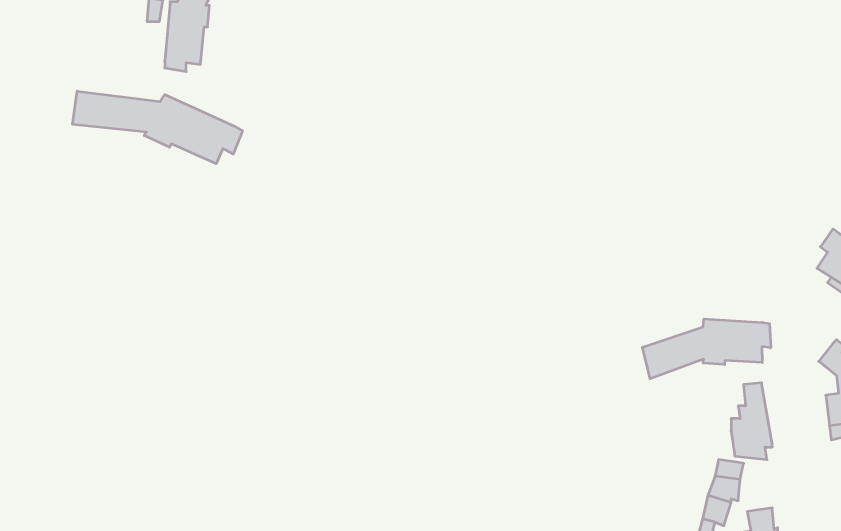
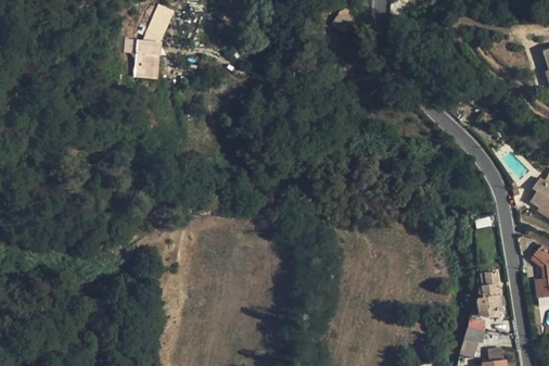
building: [73,91,242,164] -> none
building: [642,319,771,379] -> none

